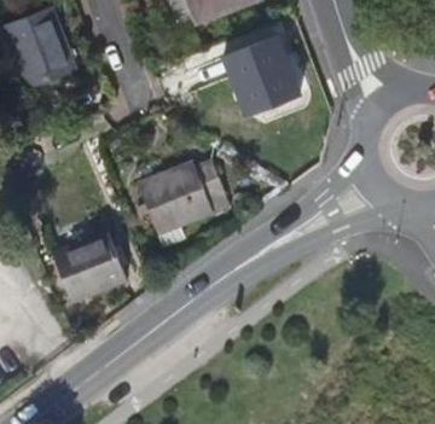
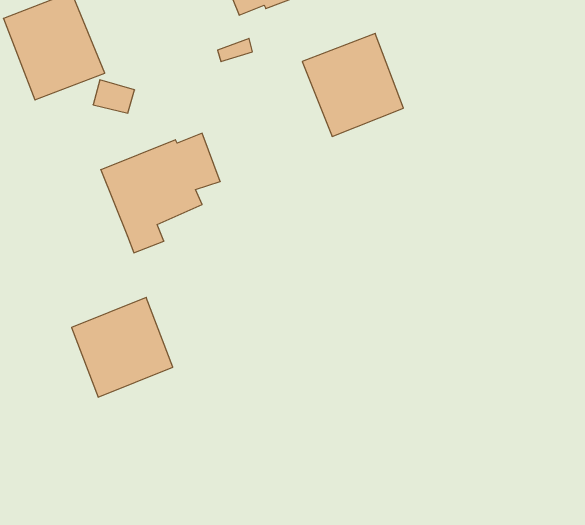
building: [138,157,225,244] -> [101,133,220,253]

